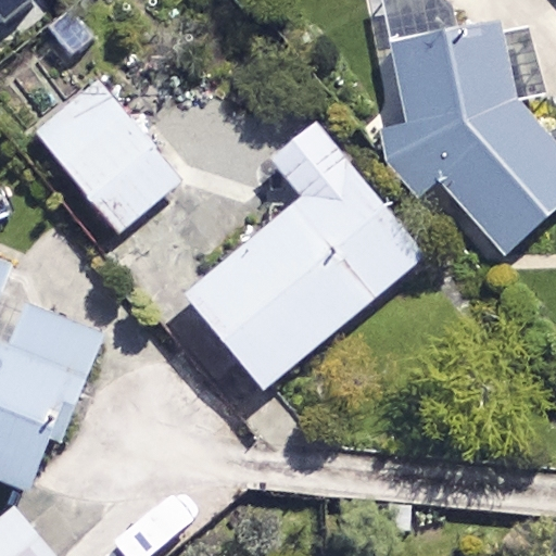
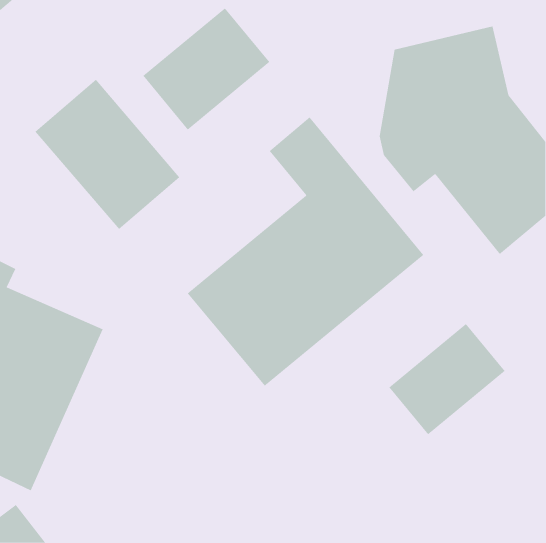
building: none -> [143,7,270,130]
building: none -> [389,323,506,435]

